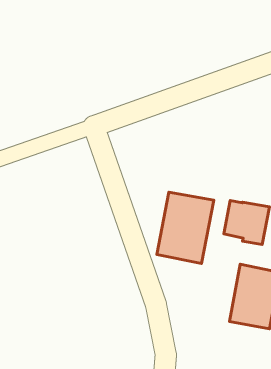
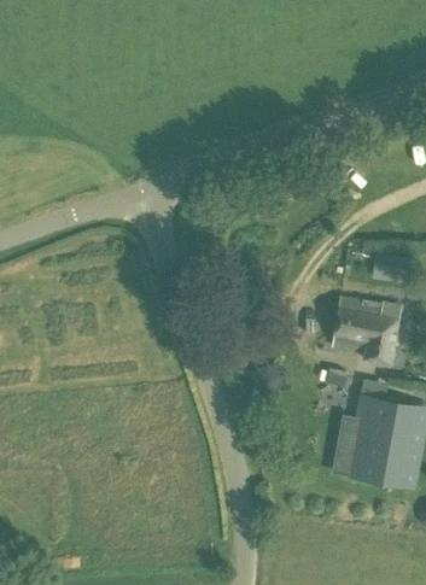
building: [157,192,214,263] -> none

